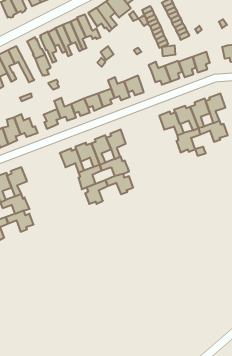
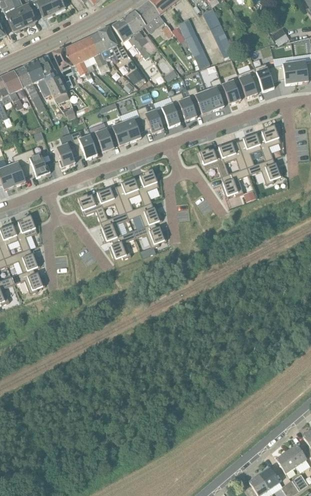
building: none -> [24,60,51,95]
building: none -> [257,67,279,92]
building: none -> [170,91,197,120]

